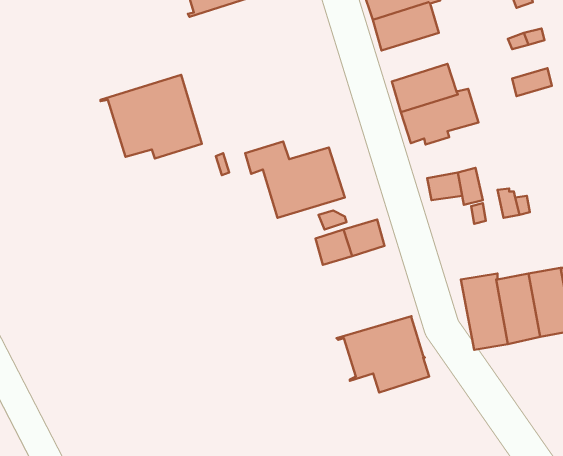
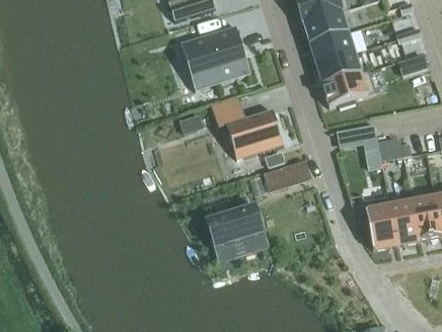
building: none -> [308,31,354,65]
building: [101,75,202,158] -> [179,26,249,84]
building: [337,316,429,393] -> [204,205,268,258]

